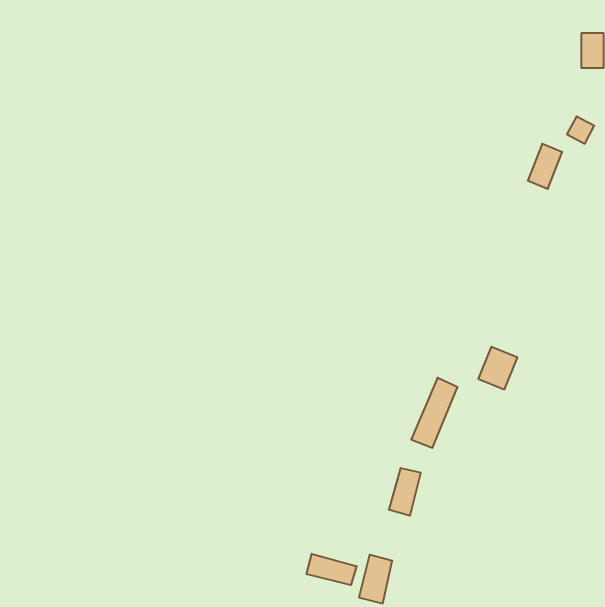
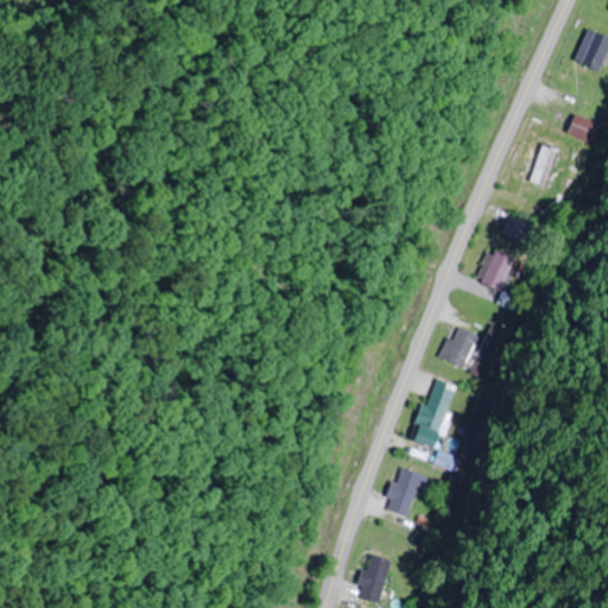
building: none -> [476,249,511,290]
building: [478,347,517,389] -> [442,325,481,368]
building: [307,554,357,585] -> none

